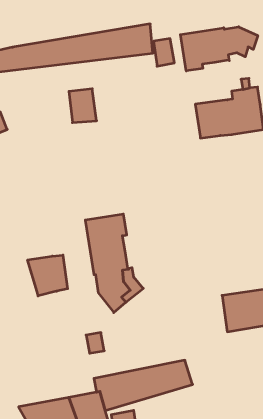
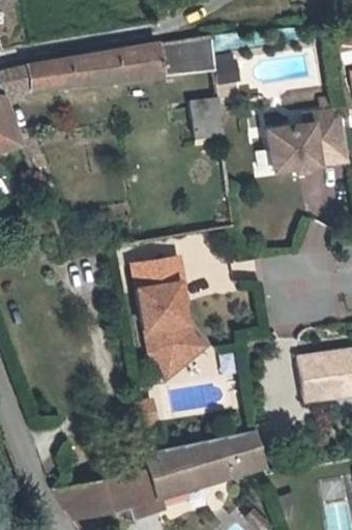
building: [180,27,258,71] -> none
building: [69,89,97,123] -> [190,97,224,138]
building: [28,255,68,296] -> none

